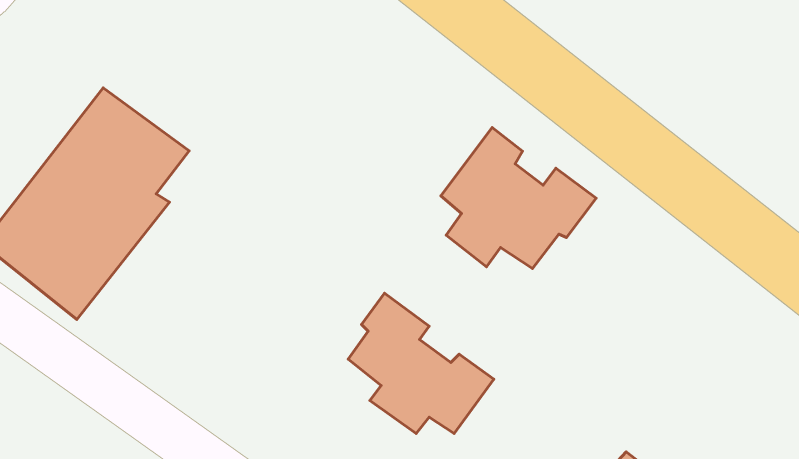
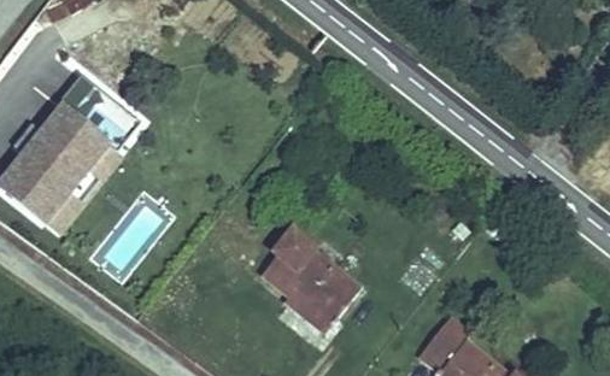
building: [441,128,596,269] -> none

